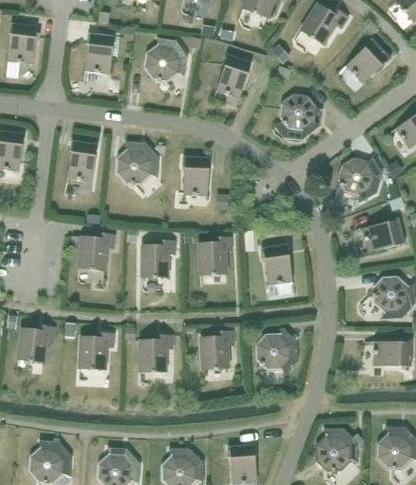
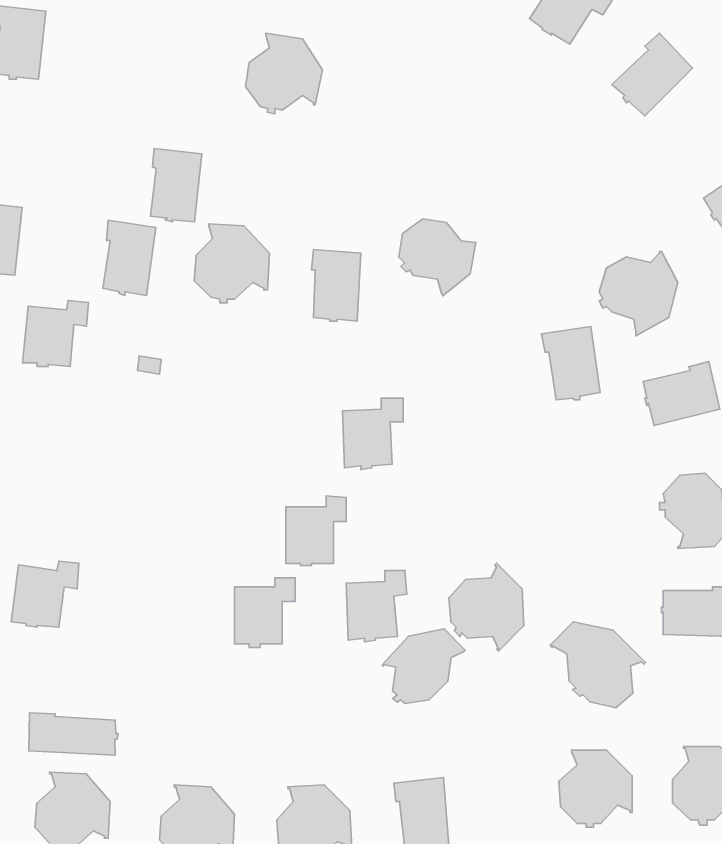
building: [85,32,113,72] -> [151,148,202,222]
building: [215,53,251,97] -> none
building: [280,95,322,137] -> [399,219,476,296]
building: [78,233,114,269] -> [23,301,88,366]
building: [141,239,174,277] -> [286,496,346,565]
building: [259,243,291,283] -> [541,327,600,400]
building: [78,332,113,369] -> none
building: none -> [550,622,645,708]
building: none -> [382,629,465,704]
building: none -> [29,713,118,755]

